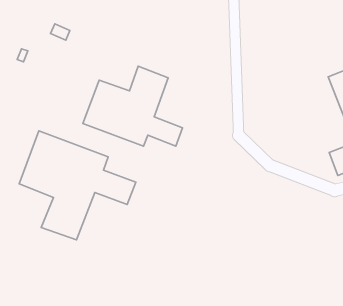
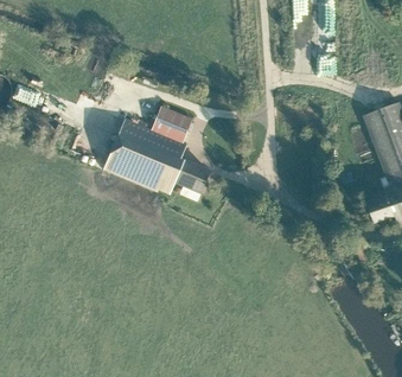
building: [19,131,136,240] -> none

